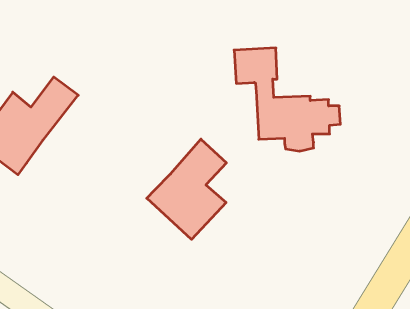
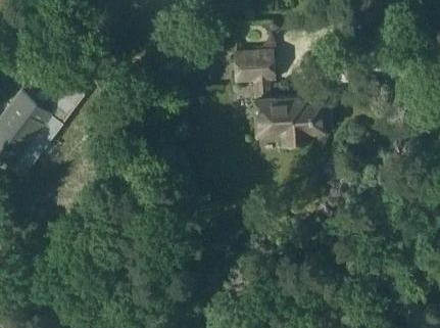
building: [147,139,226,239] -> none

